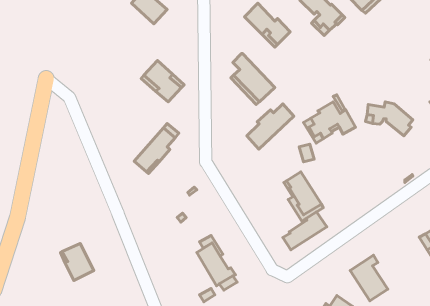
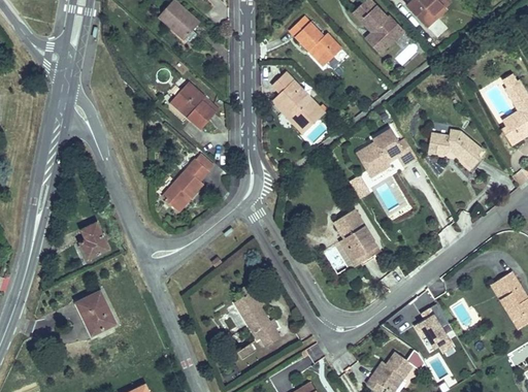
building: [247,104,294,149] -> none
building: none -> [79,222,110,260]
building: [283,212,327,250] -> none

